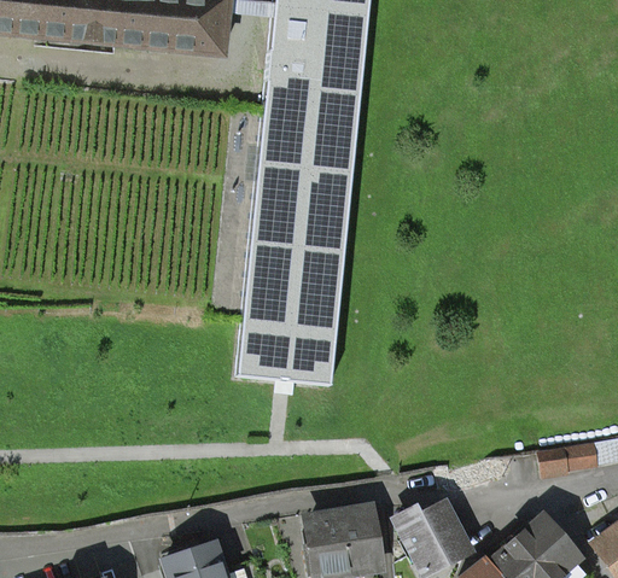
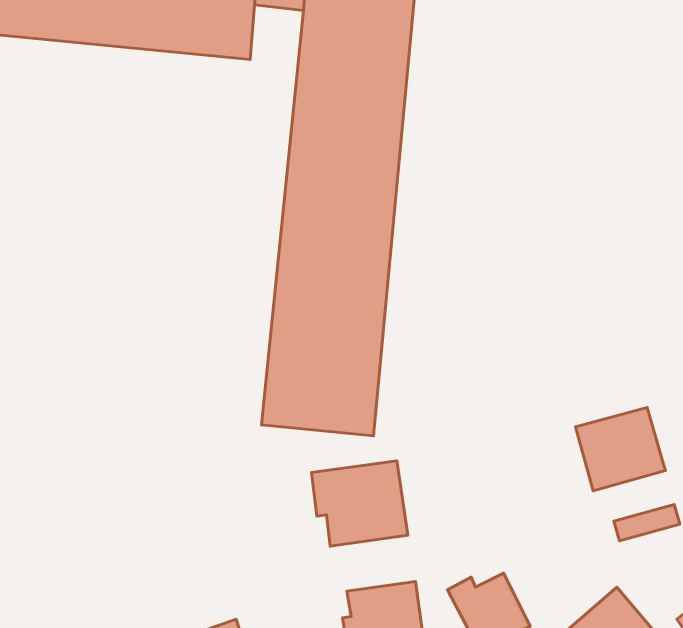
building: none -> [575,408,666,491]
building: none -> [311,461,408,546]

